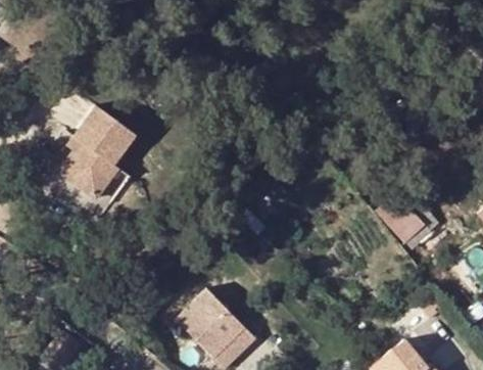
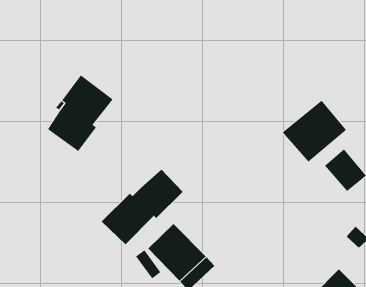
building: none -> [282,100,347,162]
building: none -> [101,169,184,245]

